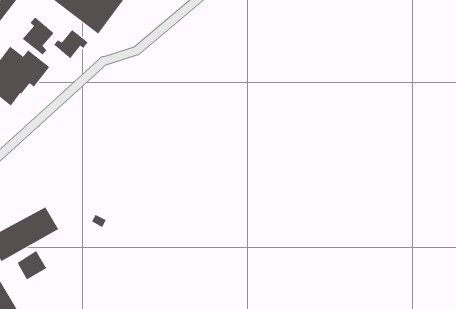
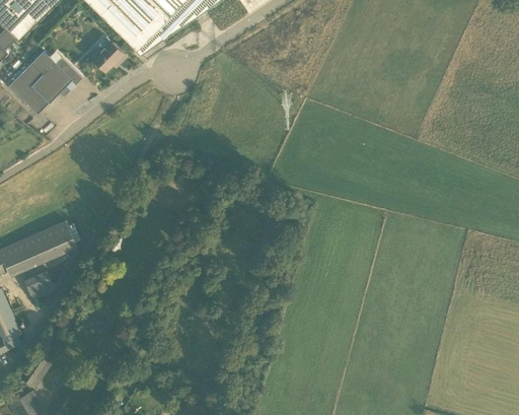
building: [22,16,54,56] -> none

